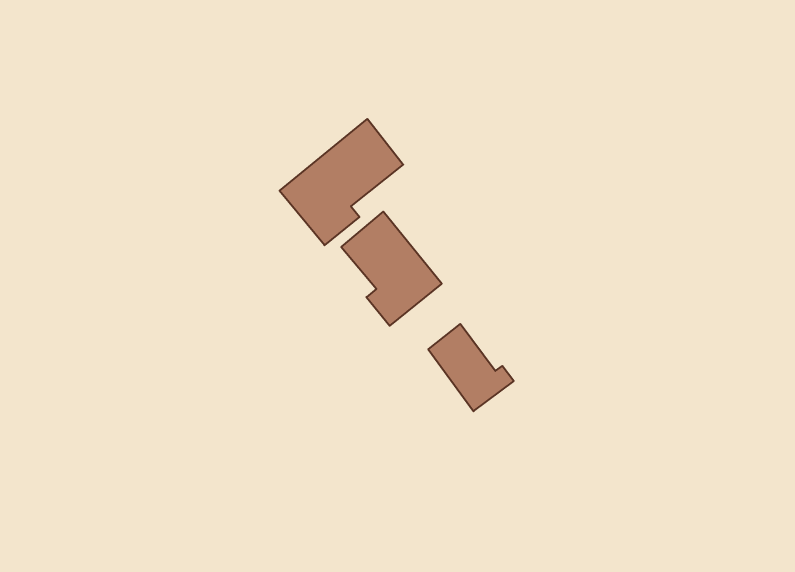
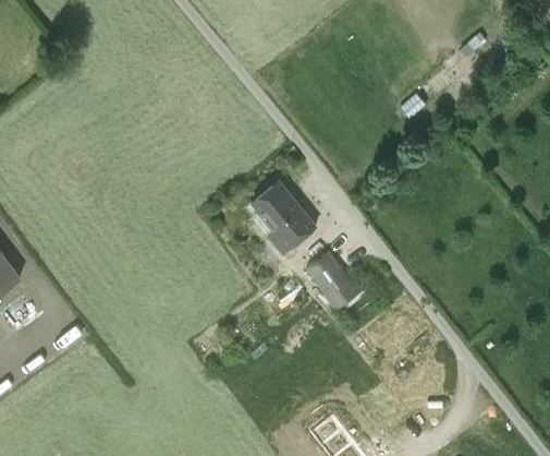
building: [280,119,403,245] -> none

